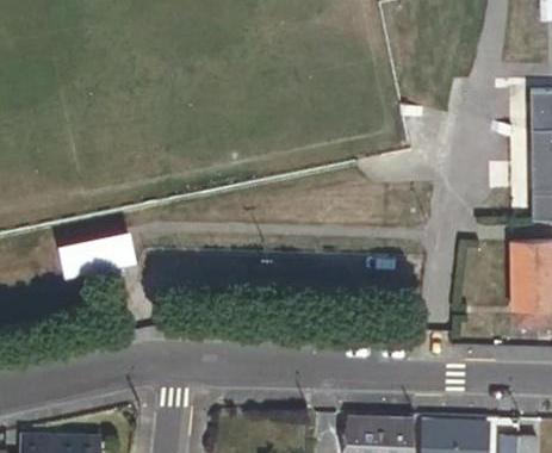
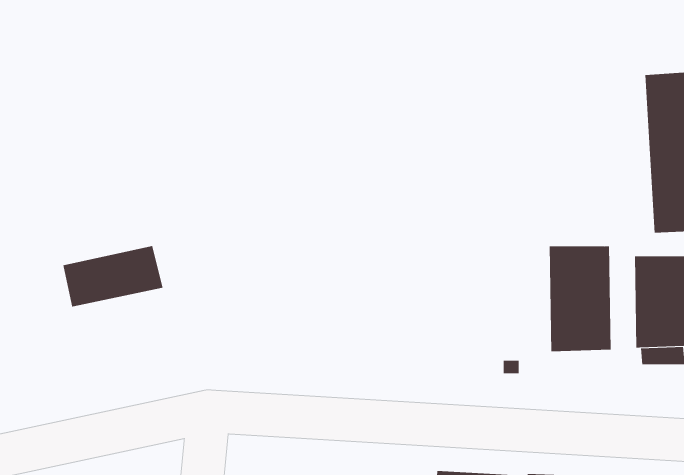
building: none -> [549,246,611,352]

